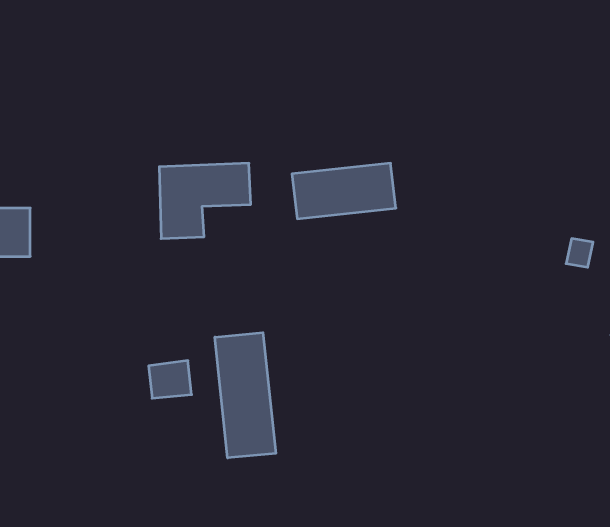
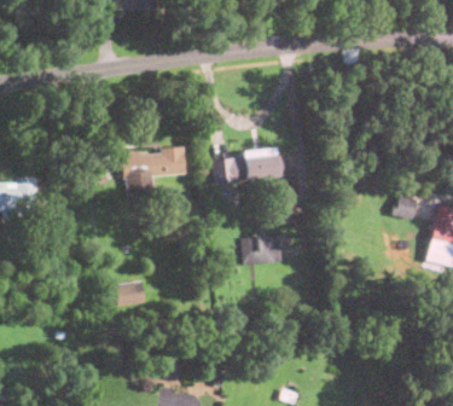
building: none -> [243,234,283,265]
building: [215,333,276,458] -> none

